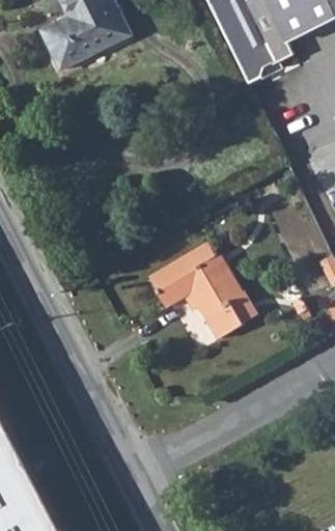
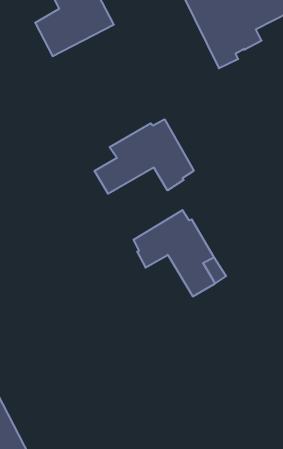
building: none -> [95,119,194,194]

